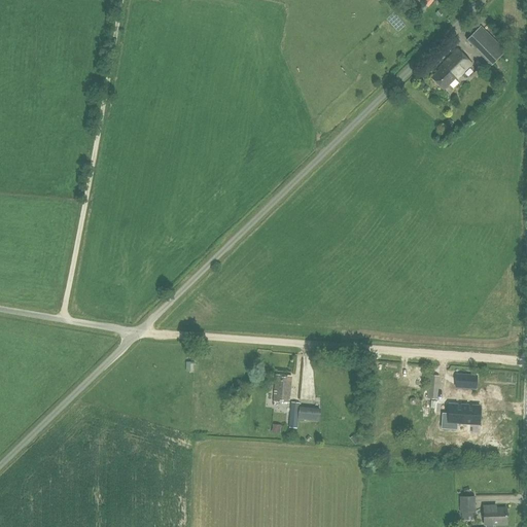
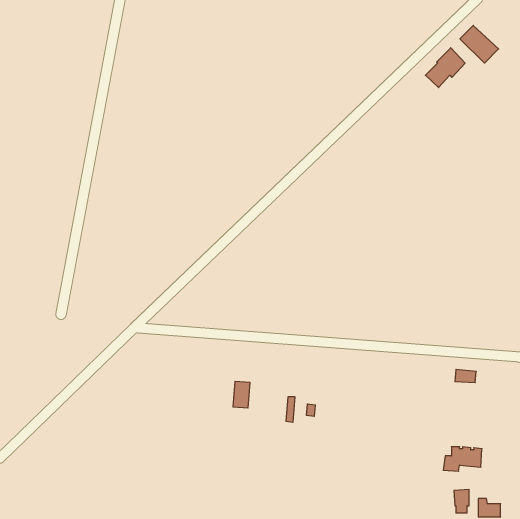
building: [274,374,291,400] -> [233,381,250,408]
building: [440,403,479,428] -> [443,447,482,471]

